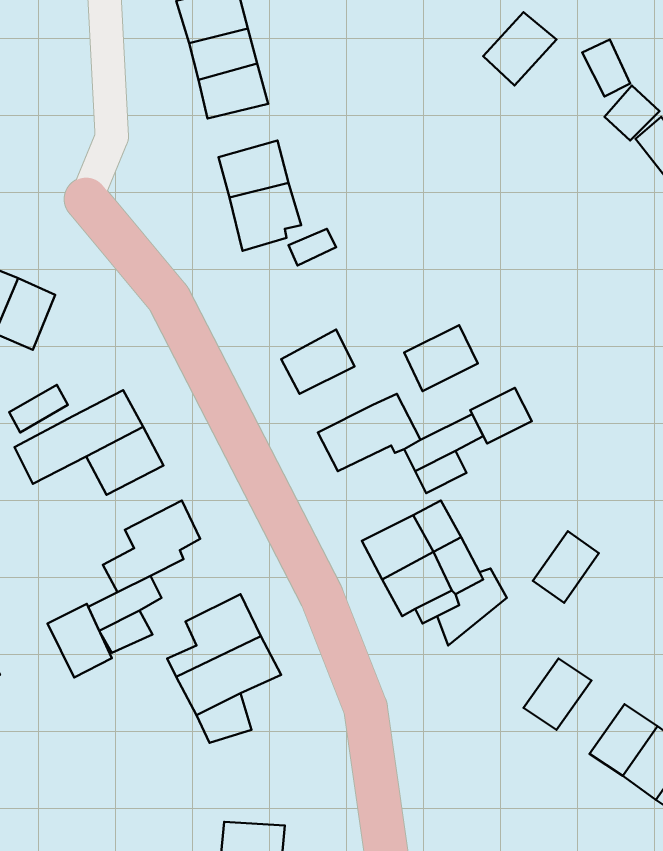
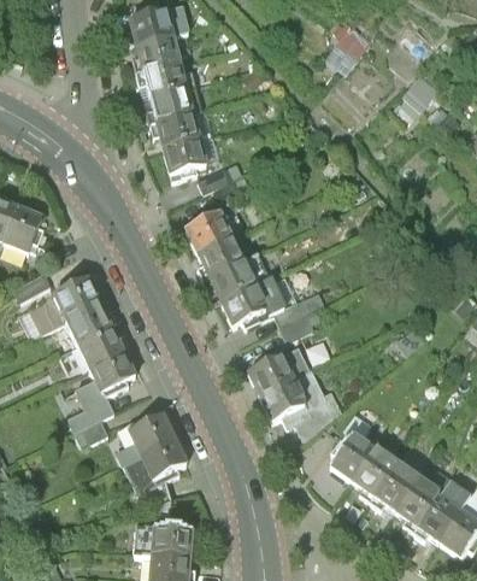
building: none -> [145,84,190,119]
building: none -> [179,209,229,252]
building: [404,325,478,391] -> [205,257,253,300]
building: [470,388,532,443] -> none
building: none -> [78,322,128,364]
building: [533,531,599,603] -> [331,434,375,481]
building: [47,604,112,677] -> none
building: none -> [373,463,418,511]
building: none -> [137,524,198,558]

